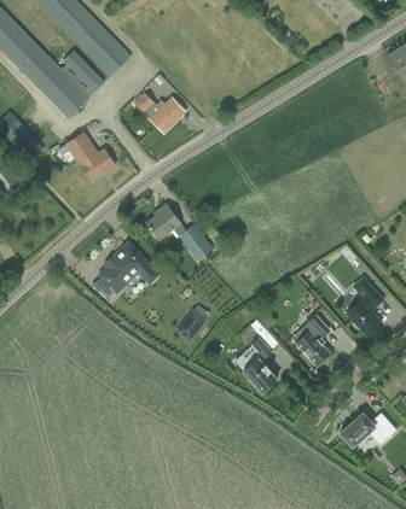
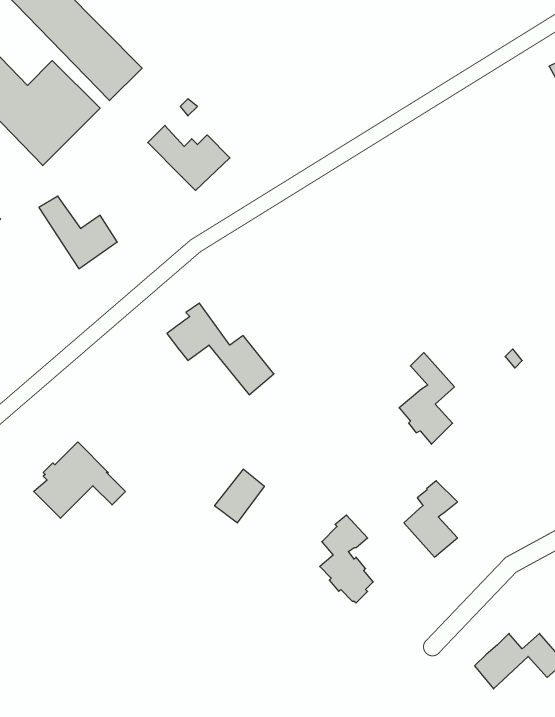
building: [99,242,157,291] -> [34,442,125,518]
building: [347,277,382,335] -> [399,353,454,444]

